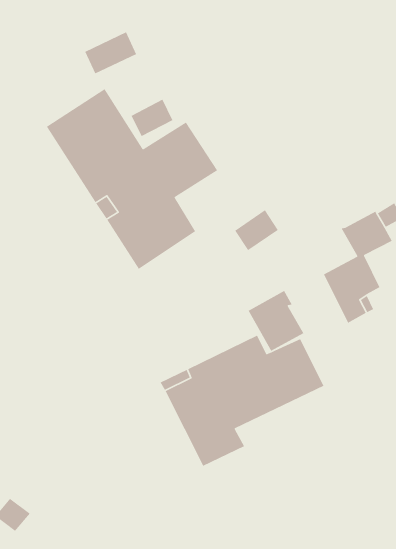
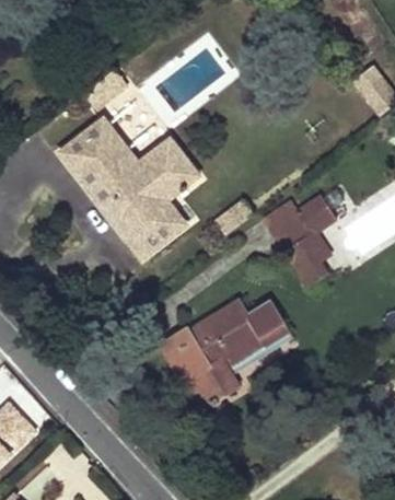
building: [248,290,304,352] -> [265,199,311,248]

